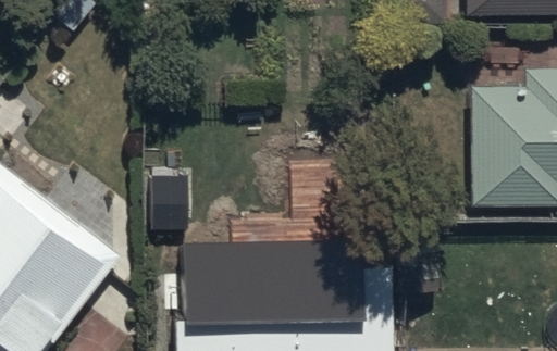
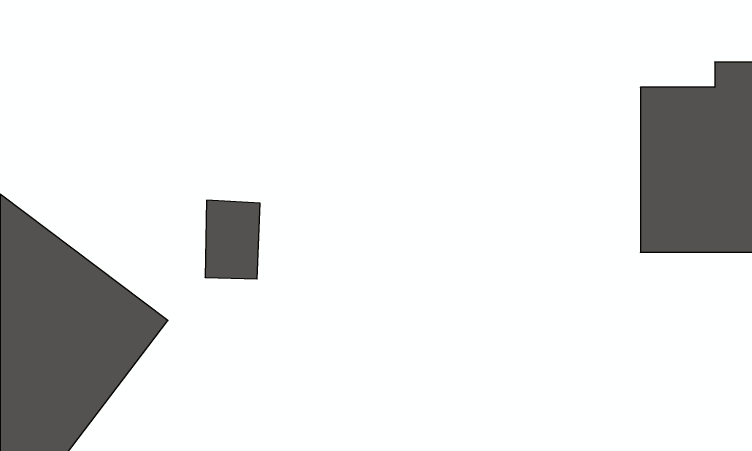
building: [189,240,368,327] -> none

